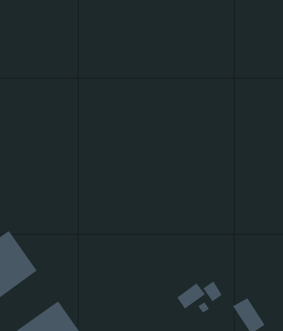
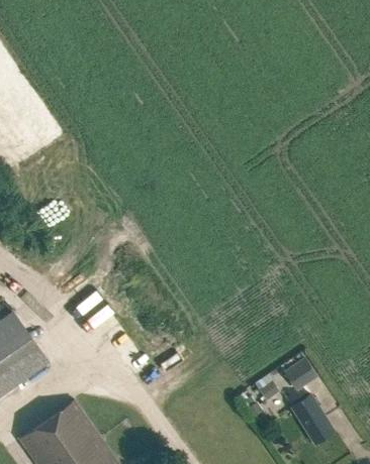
building: none -> [281,356,315,389]
building: [176,283,206,309] -> none

